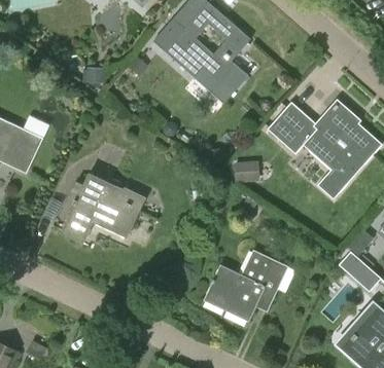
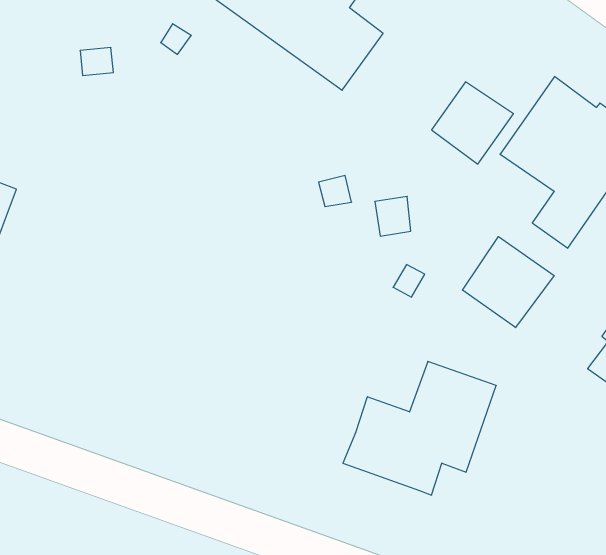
building: [61,173,144,243] -> none
building: none -> [462,237,554,328]

